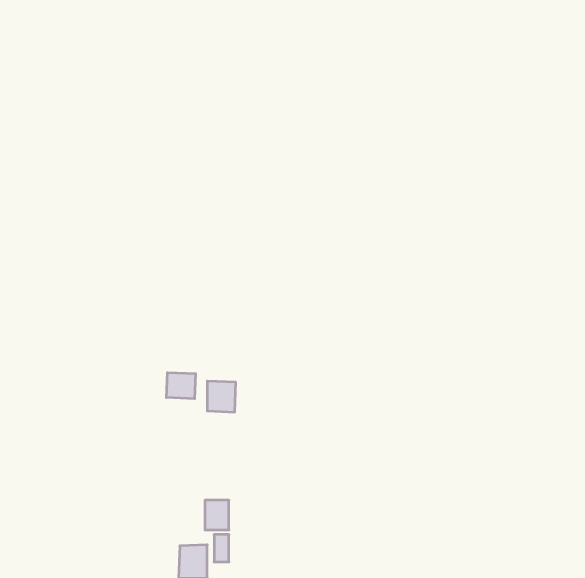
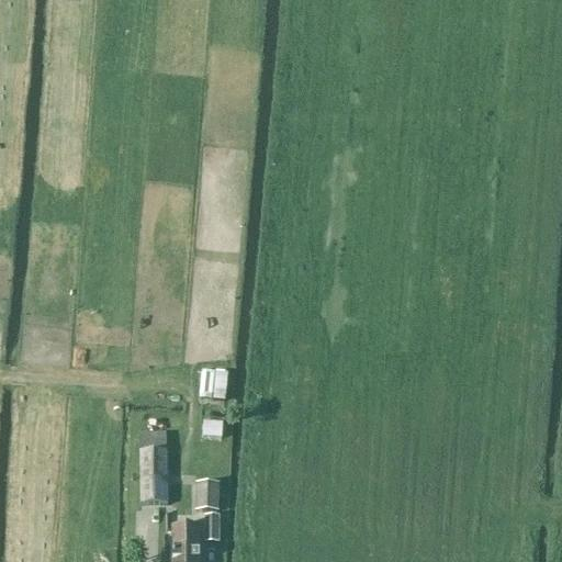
building: [166,373,196,399] -> none
building: none -> [140,449,169,502]

